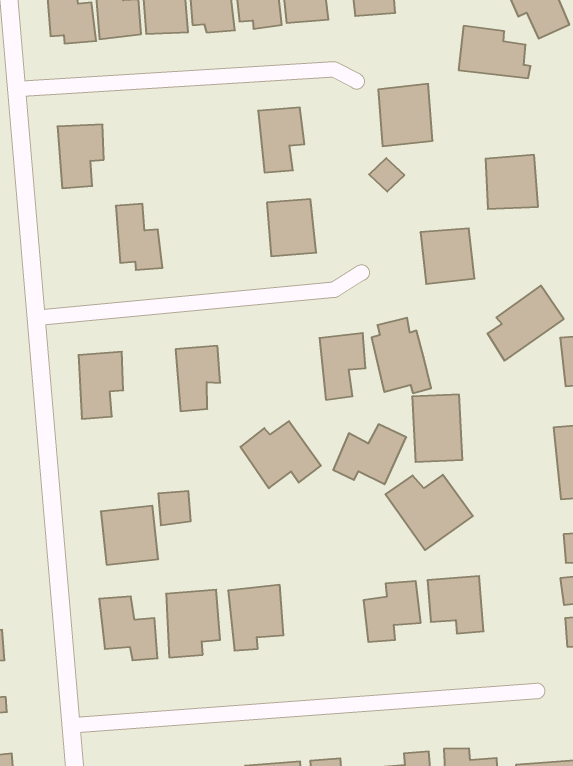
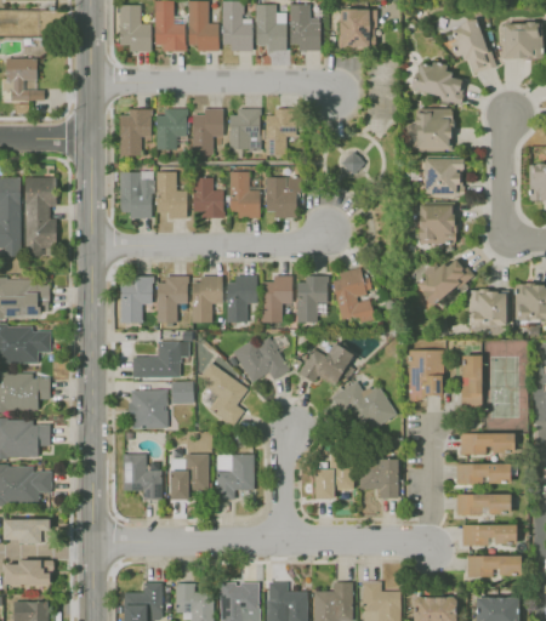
building: [378,84,433,146] -> [416,108,453,150]
building: none -> [228,109,261,150]
building: none -> [192,109,222,154]
building: none -> [155,110,187,149]
building: none -> [229,171,260,217]
building: none -> [119,171,153,217]
building: none -> [194,177,224,218]
building: [420,228,475,284] -> [419,205,455,243]
building: none -> [262,275,292,323]
building: none -> [227,278,257,323]
building: none -> [157,278,188,323]
building: [412,395,462,462] -> [408,349,443,398]
building: none -> [132,341,188,377]
building: none -> [197,363,248,426]

